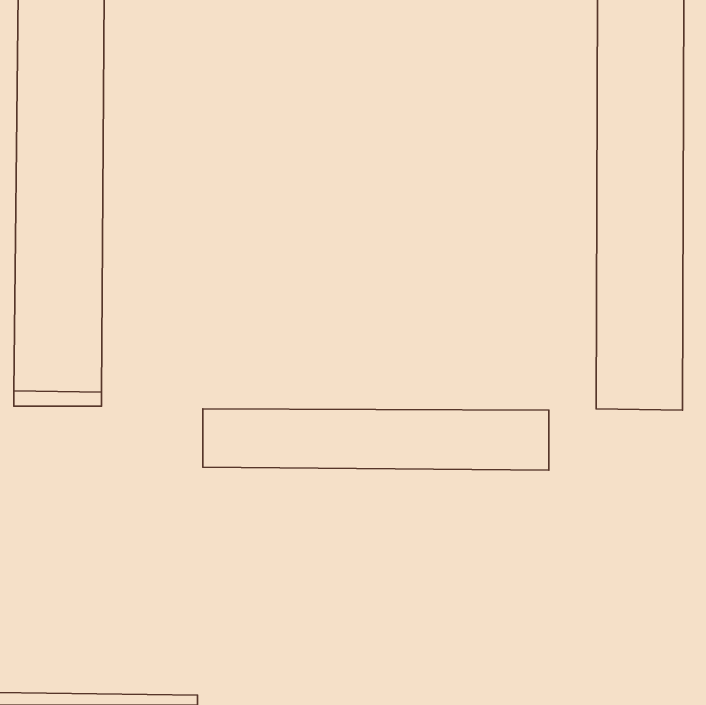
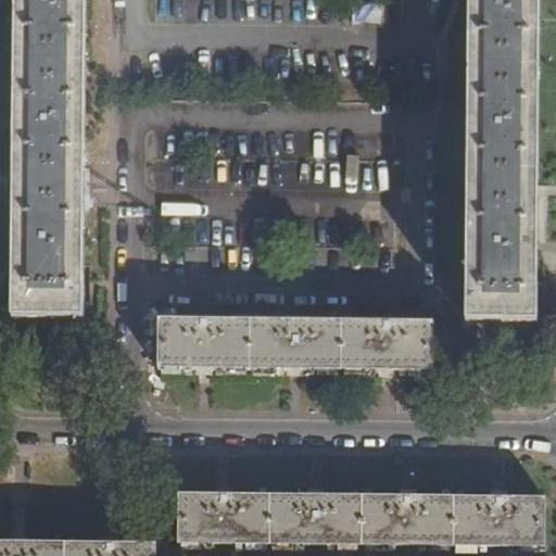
building: none -> [177,492,543,543]

